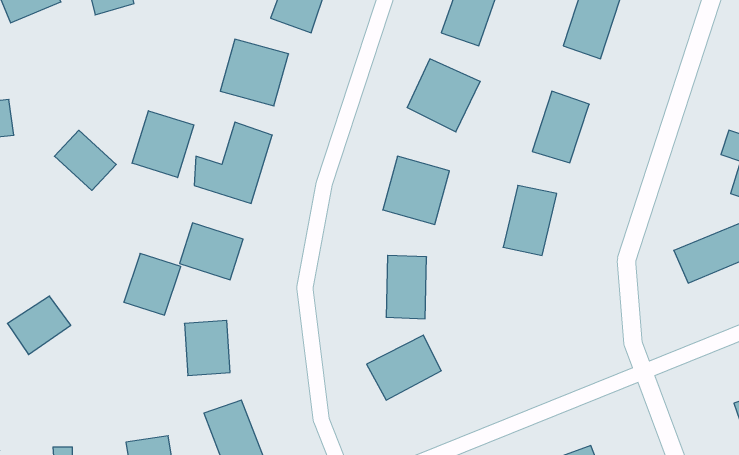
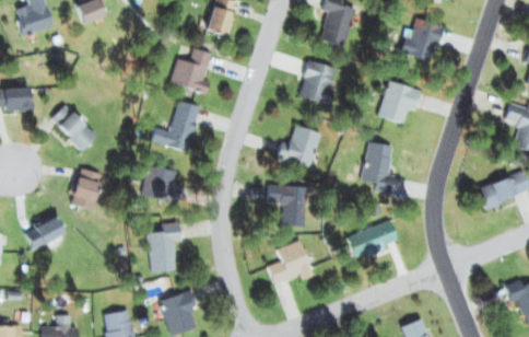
building: [132,111,194,178] -> none
building: [124,253,181,315] -> [69,171,107,212]
building: none -> [344,221,393,262]

